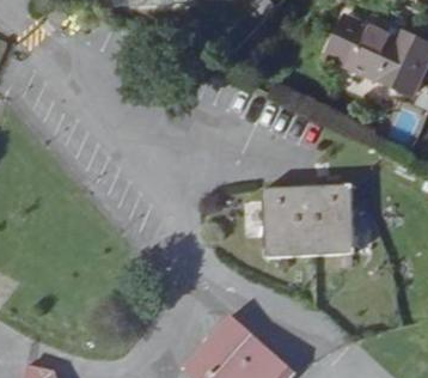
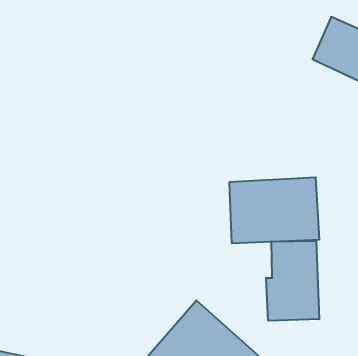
building: [325,16,367,68] -> none
building: none -> [266,241,319,321]

